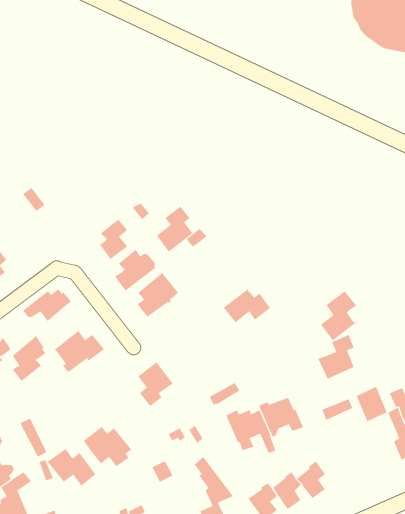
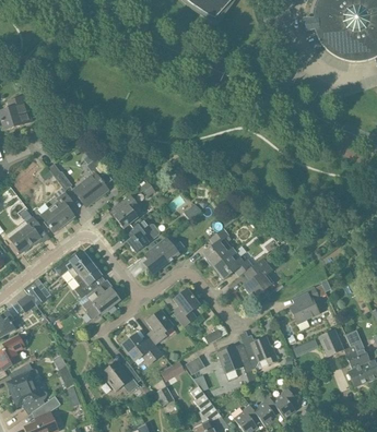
building: none -> [73,156,113,205]
building: [156,206,193,252] -> [203,228,233,265]
building: none -> [42,191,74,231]
building: [320,290,359,341] -> [243,257,273,298]
building: [12,335,46,382] -> [73,260,101,297]
building: none -> [173,288,200,325]
building: [47,448,96,487] -> [121,333,161,363]

